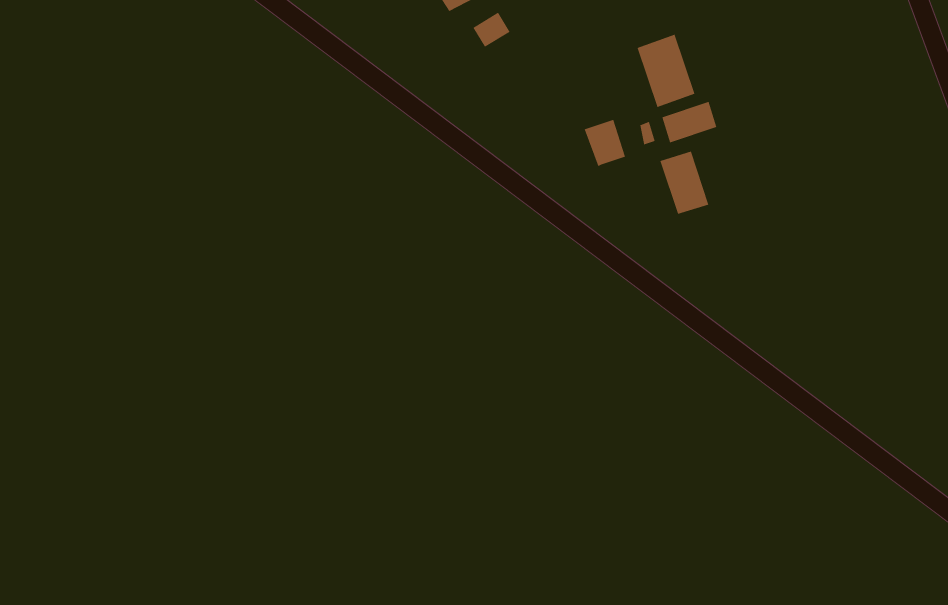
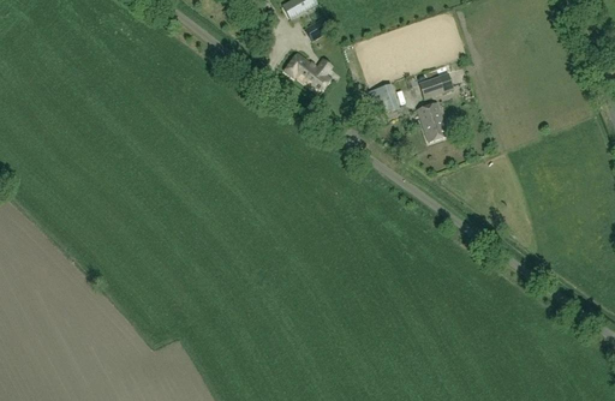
building: [637,34,695,108] -> none
building: none -> [283,52,330,92]

